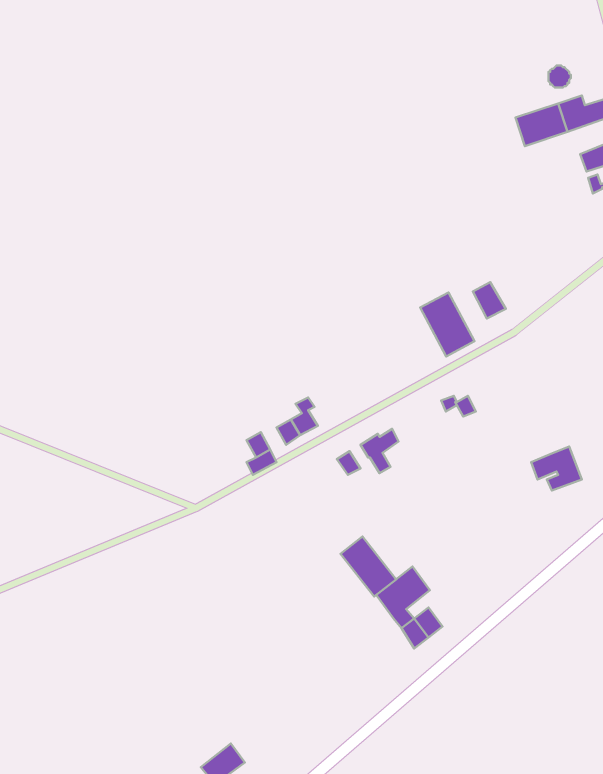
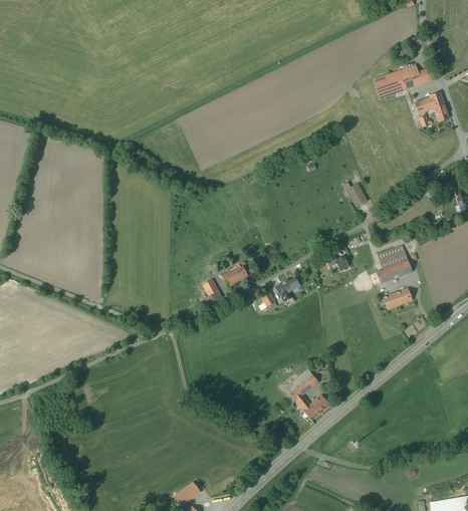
building: [420,292,475,356] -> none
building: none -> [376,245,411,283]
building: [340,536,396,597] -> none

